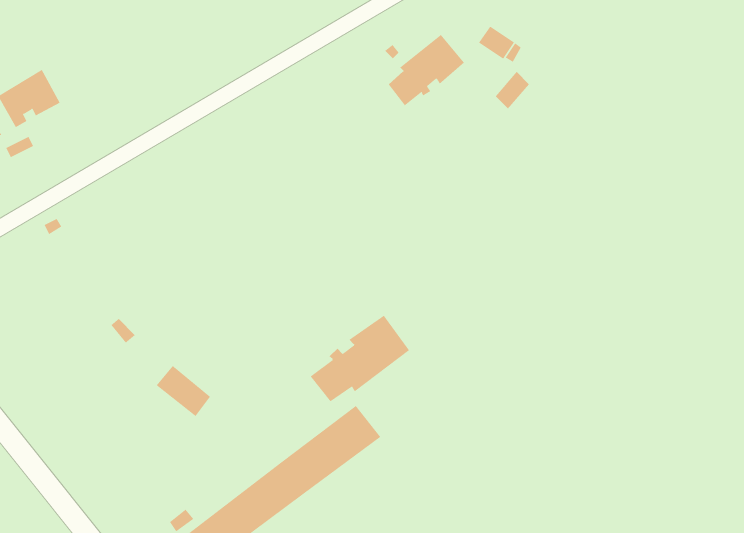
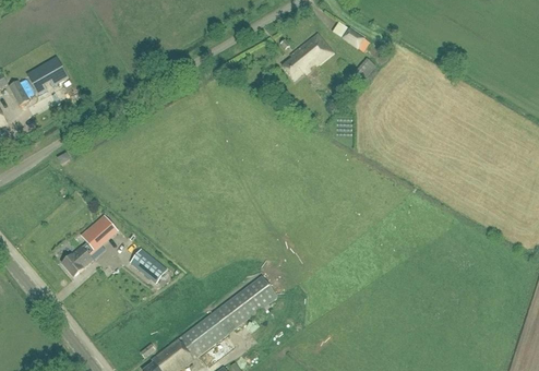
building: [310,315,410,402] -> none
building: none -> [61,234,100,276]

